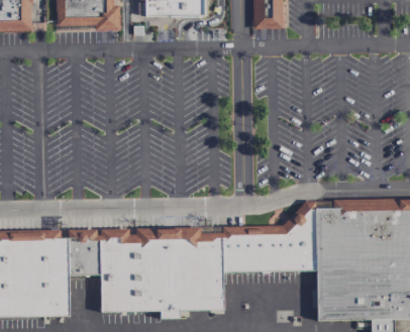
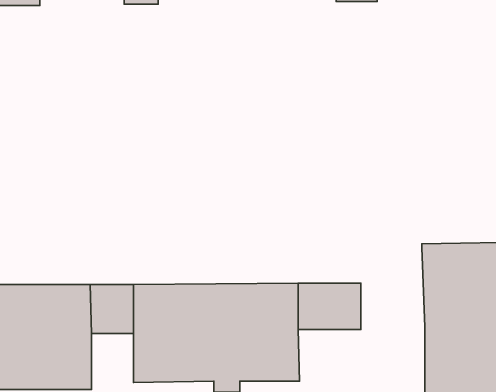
building: [272,211,319,271] -> none

